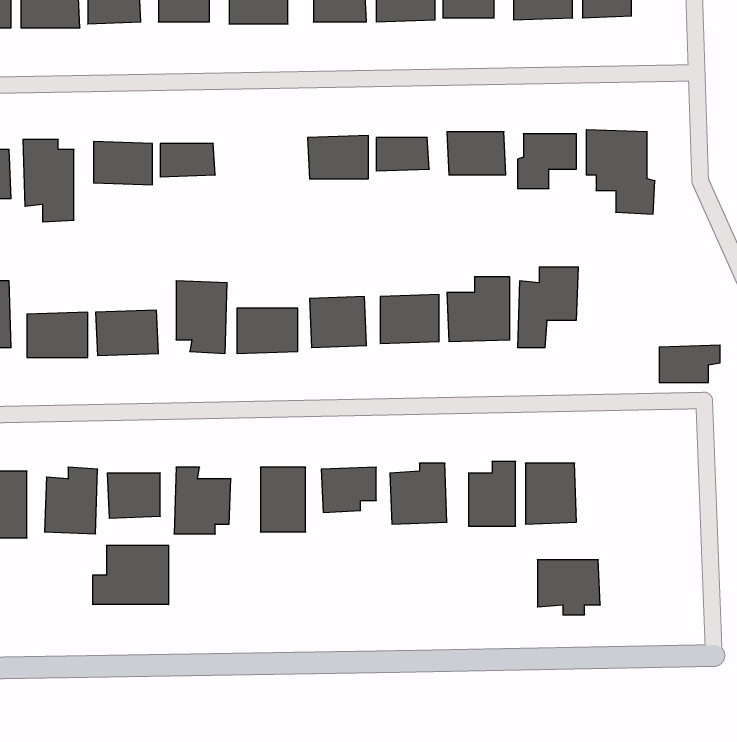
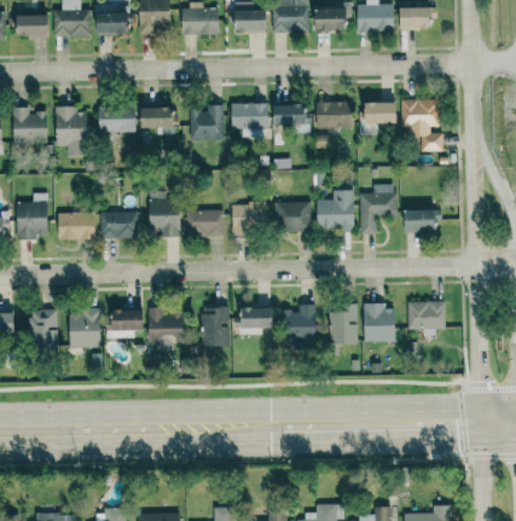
building: none -> [191,104,225,140]
building: [659,345,720,382] -> [405,209,442,232]
building: [93,545,169,605] -> none
building: [537,560,600,615] -> [408,301,447,335]

